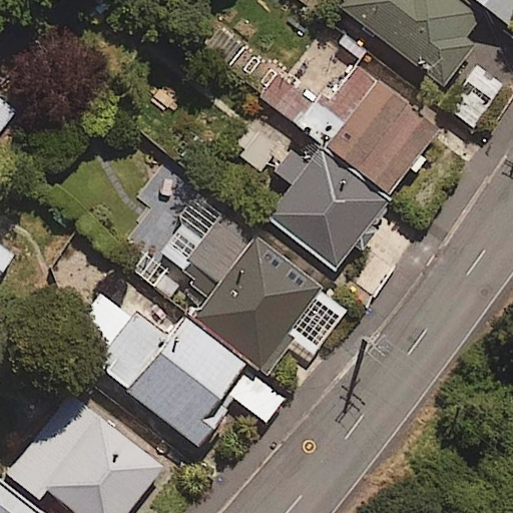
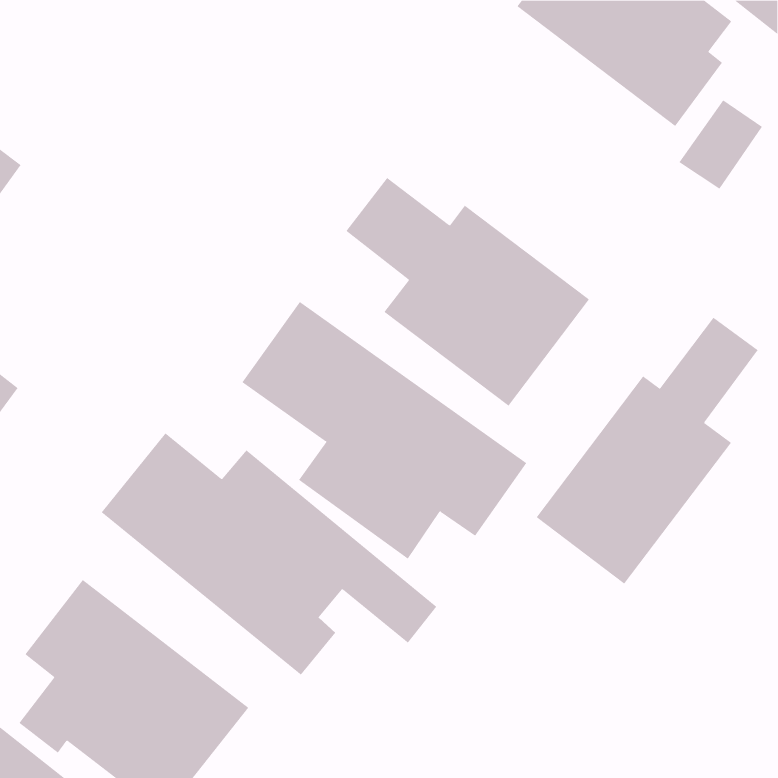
building: [263,65,441,198] -> none
building: none -> [536,317,758,584]

